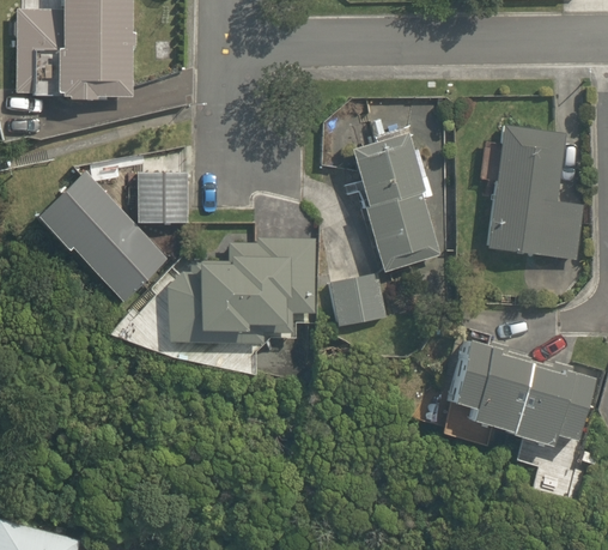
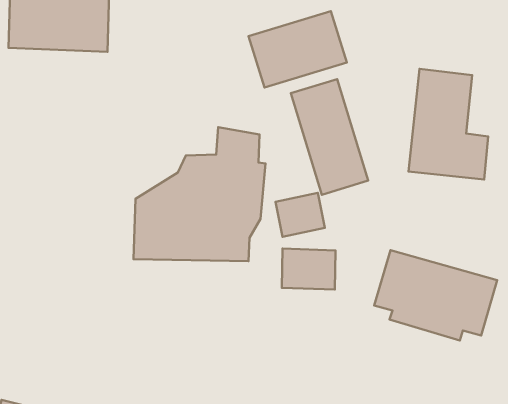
building: none -> [248,11,347,88]
building: [36,168,189,303] -> none
building: none -> [282,249,336,290]

